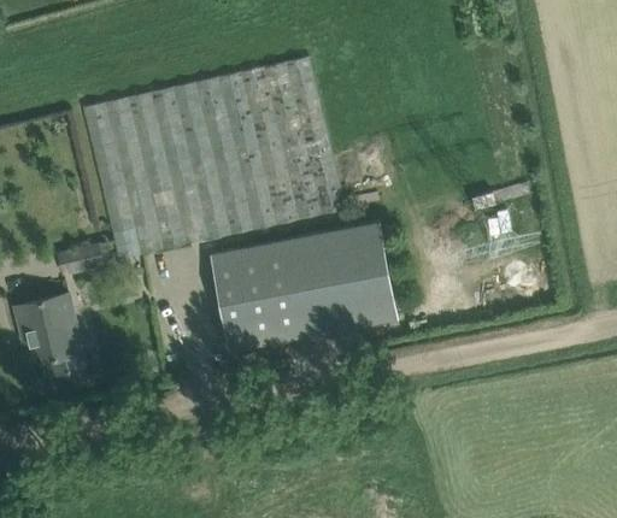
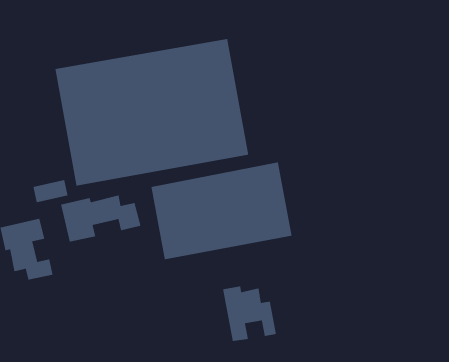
building: none -> [60,195,141,242]
building: none -> [222,285,277,342]

